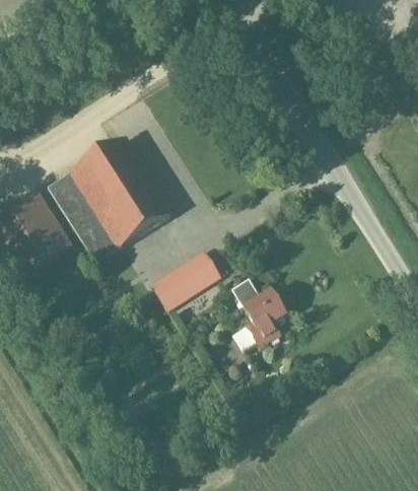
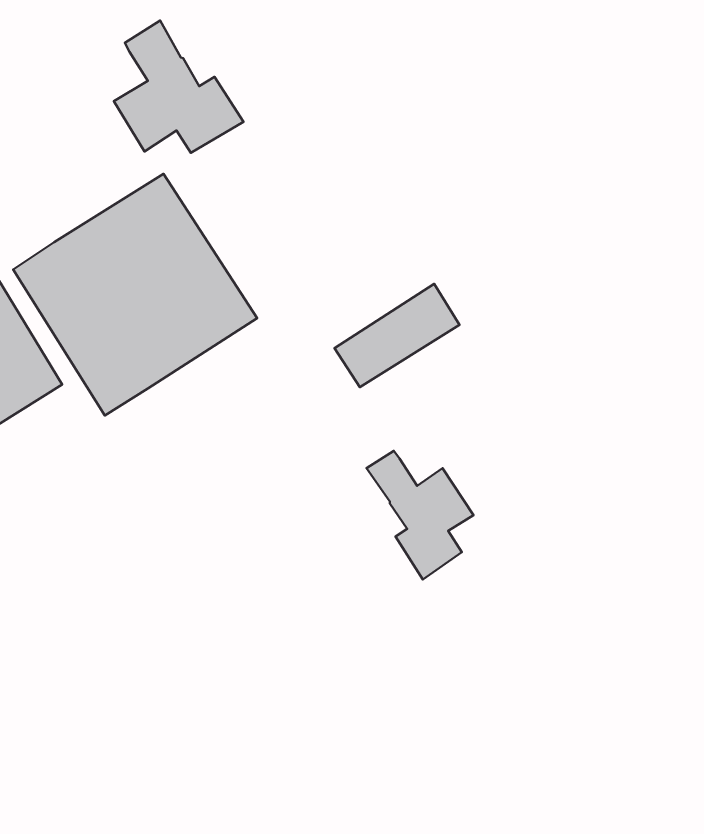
building: none -> [114,20,244,153]
building: [153,251,218,304] -> [335,284,459,387]

